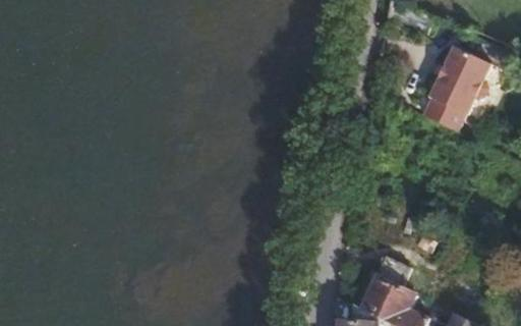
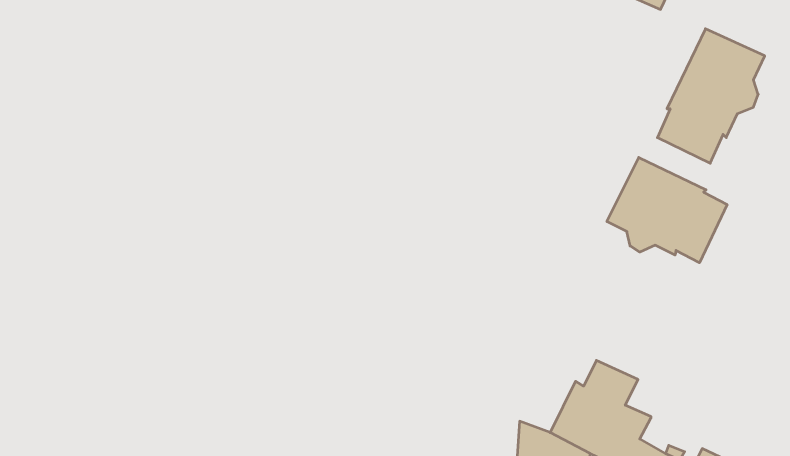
building: none -> [607,157,727,263]

